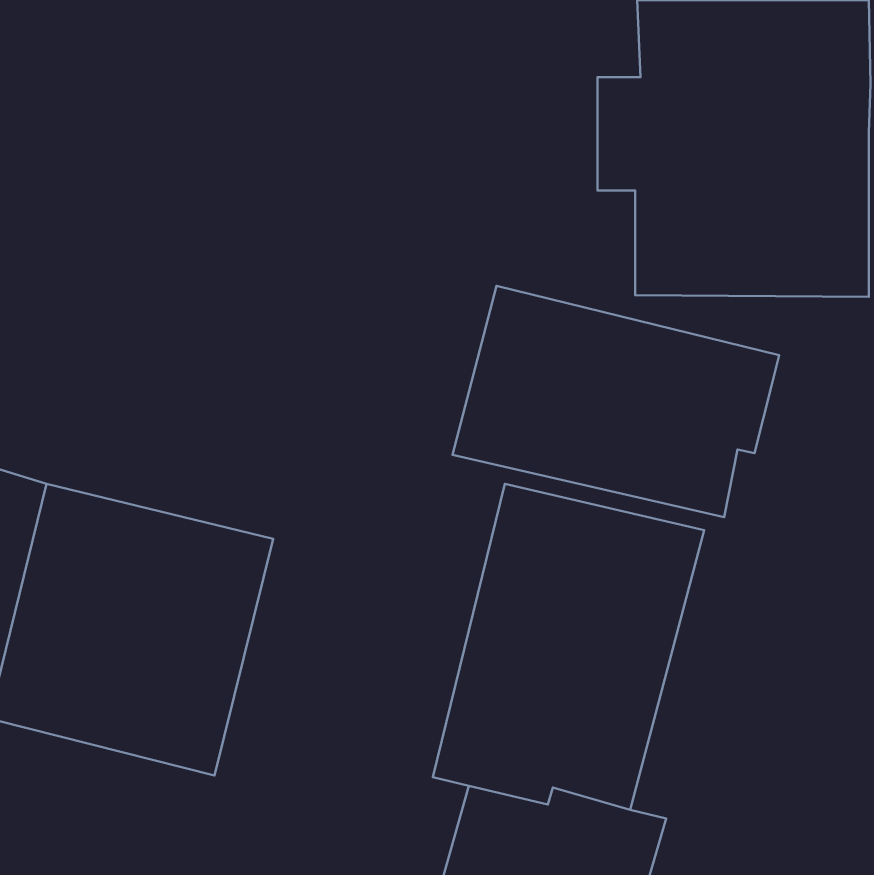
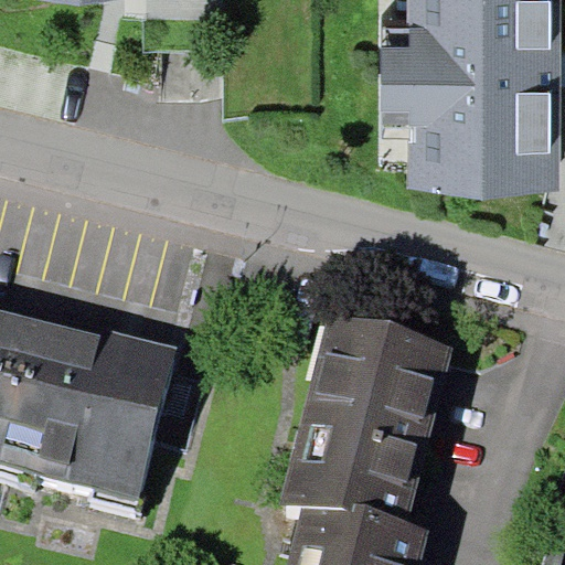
building: [453,286,779,517] -> none

